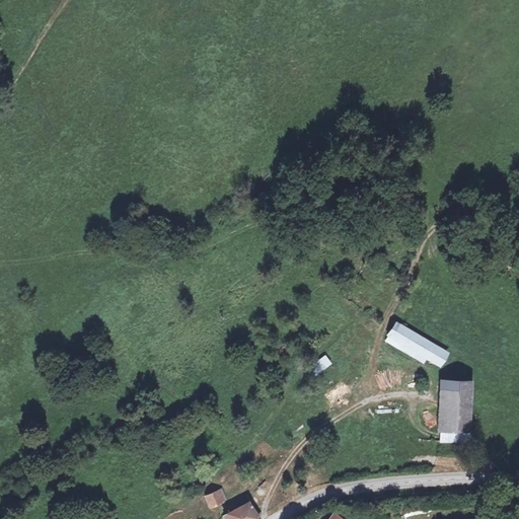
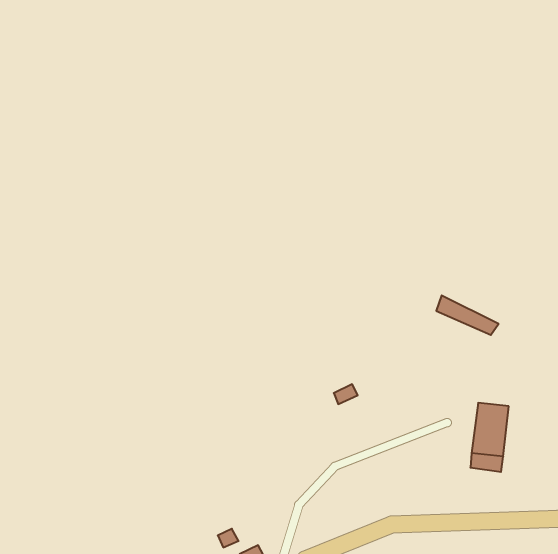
building: [391,322,449,359] -> [436,295,499,335]

